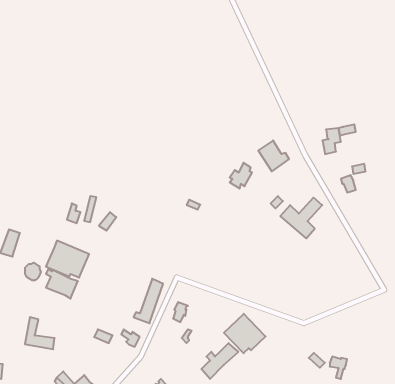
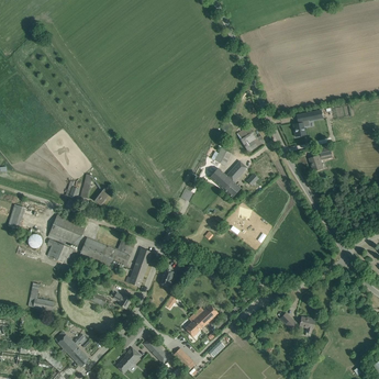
building: [280,198,322,238] -> [210,161,247,198]
building: none -> [78,237,130,269]
building: [224,314,266,353] -> none

